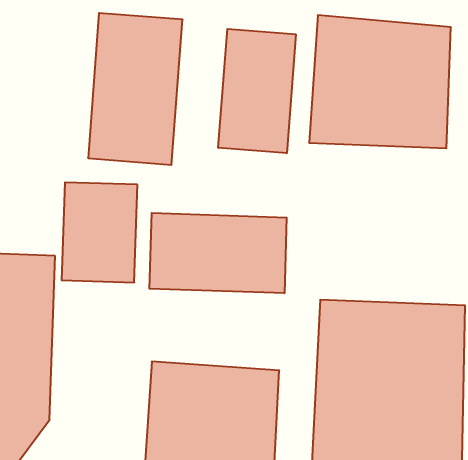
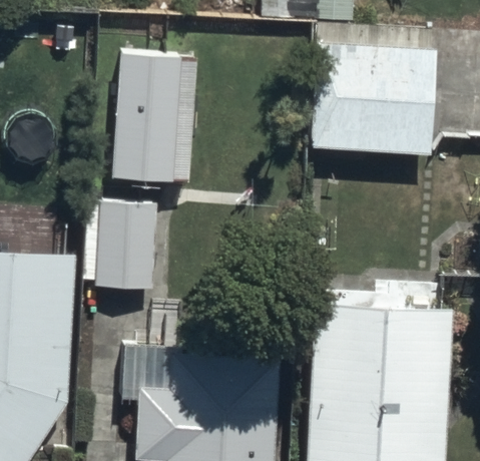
building: [218,29,296,153] -> none
building: [149,213,287,293] -> none

